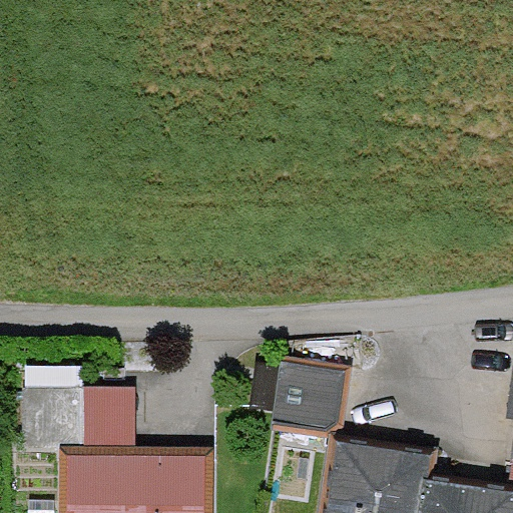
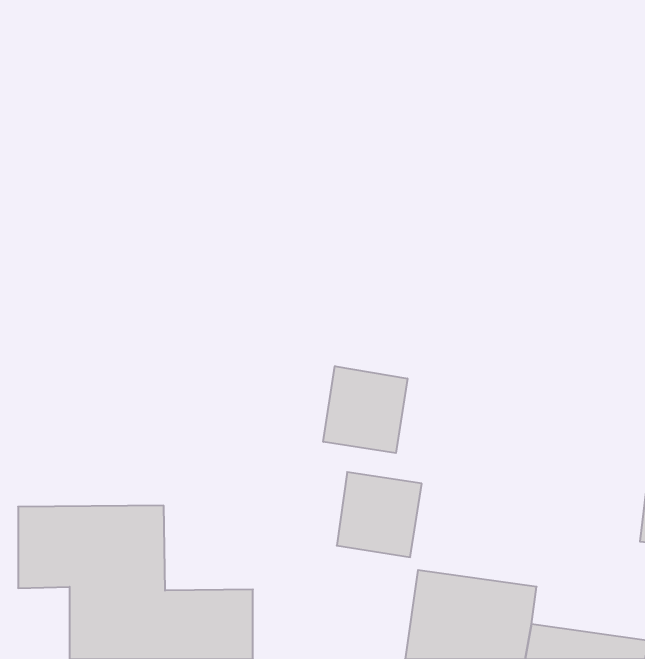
building: none -> [323,366,407,453]

